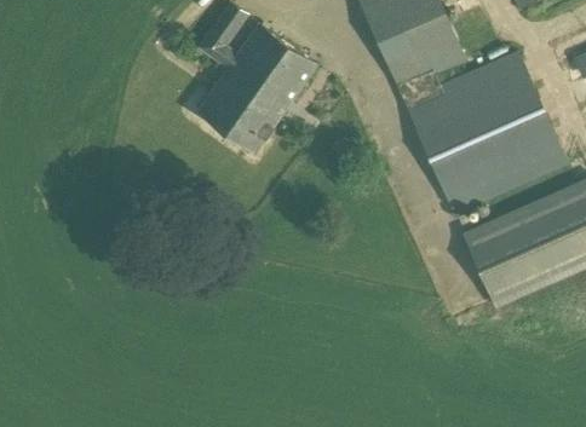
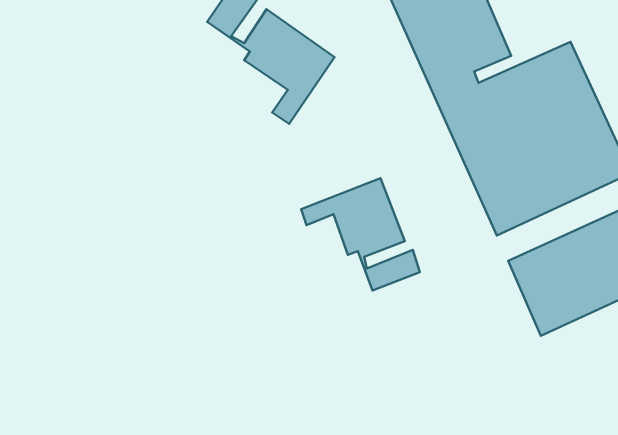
building: [197,33,277,152] -> none
building: none -> [301,178,420,291]

